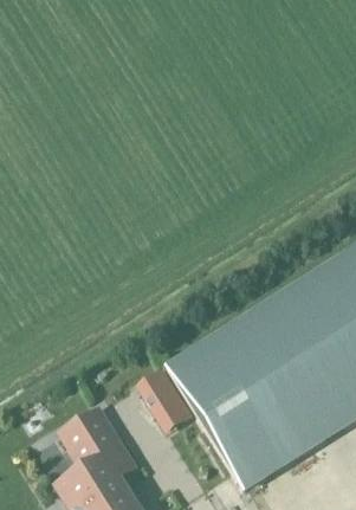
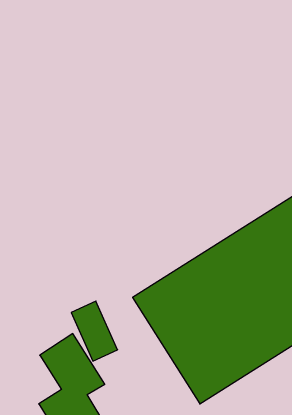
building: [134,356,187,425] -> [71,301,118,361]

